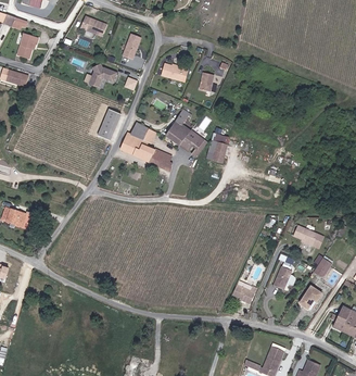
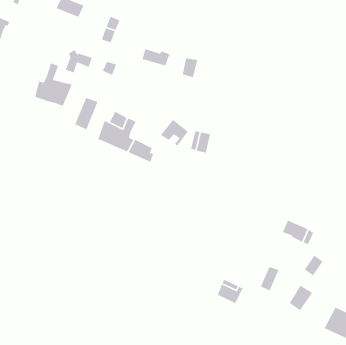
building: none -> [34,62,73,107]
building: [165,108,191,145] -> none

